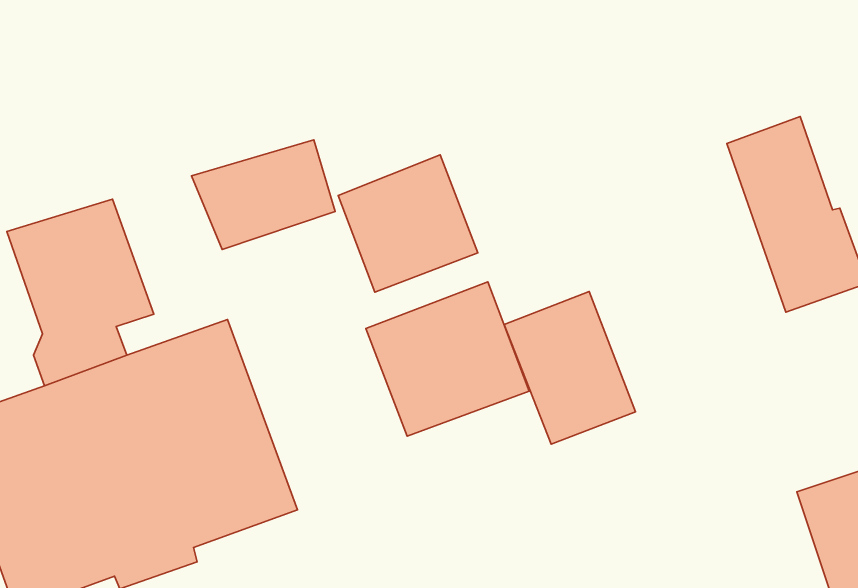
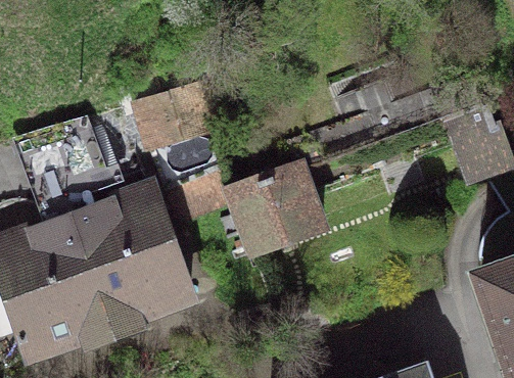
building: [338,155,478,292] -> none
building: [504,291,635,444] -> none

